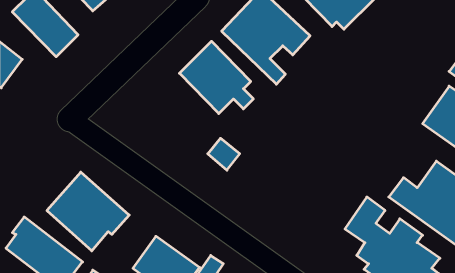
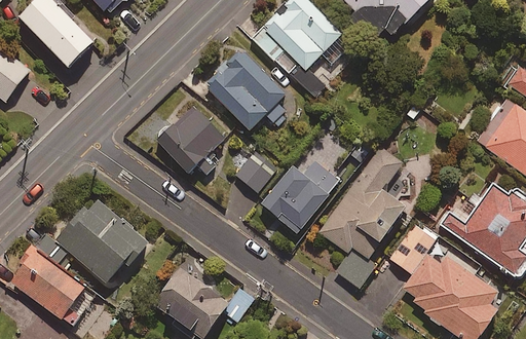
building: none -> [158,107,224,175]
building: none -> [261,131,353,232]
building: none -> [320,147,404,288]

